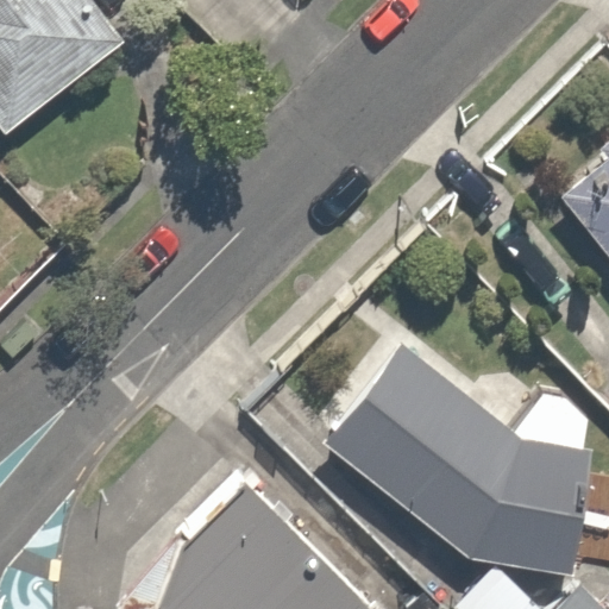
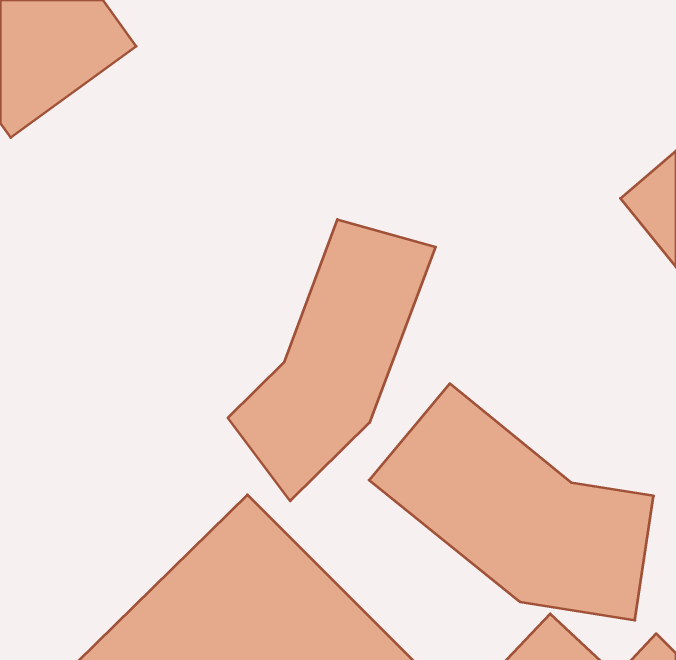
building: none -> [228,219,436,501]

